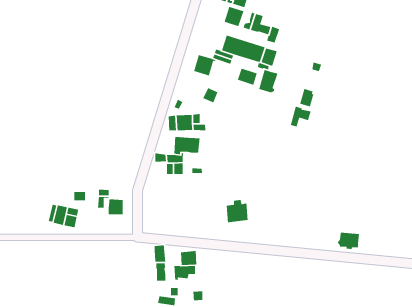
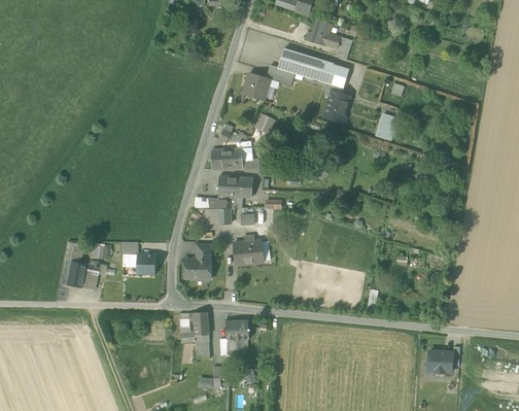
building: [224,6,245,27] -> none
building: [237,68,258,86] -> none
building: [290,106,311,128] -> none
building: none -> [185,252,211,278]
building: [226,199,249,223] -> [235,235,264,265]
building: [337,232,360,250] -> [424,350,453,373]

